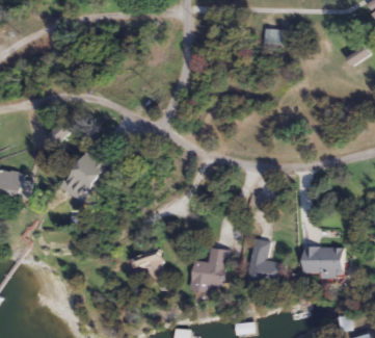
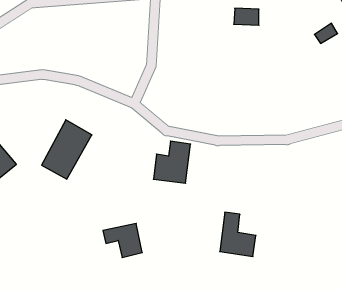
building: [189,246,227,290] -> [153,141,191,183]
building: [301,246,342,275] -> none

